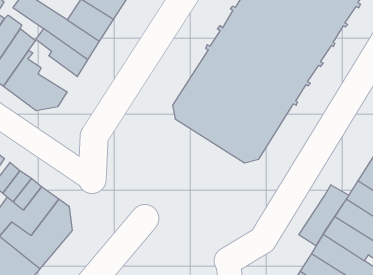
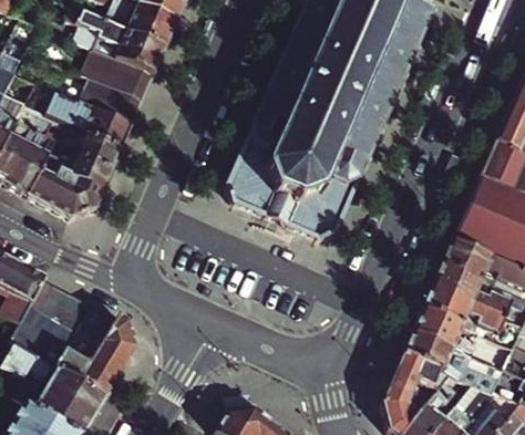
building: none -> [53,135,114,190]
building: [299,185,349,246] -> none

